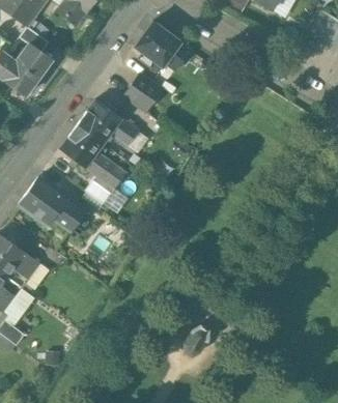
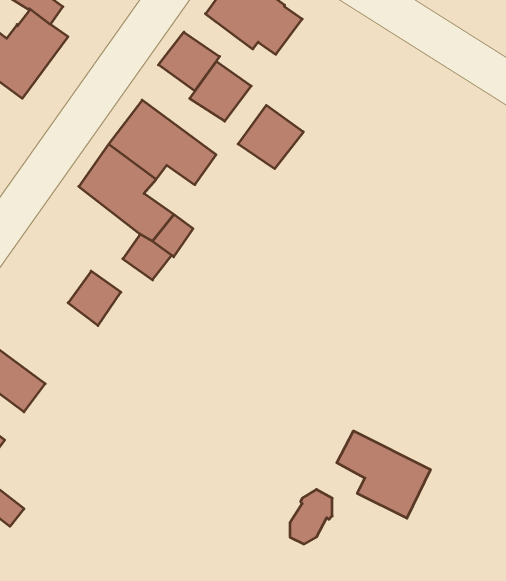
building: none -> [158,32,220,91]
building: none -> [238,105,303,169]
building: [19,177,66,225] -> none
building: none -> [337,431,430,518]

